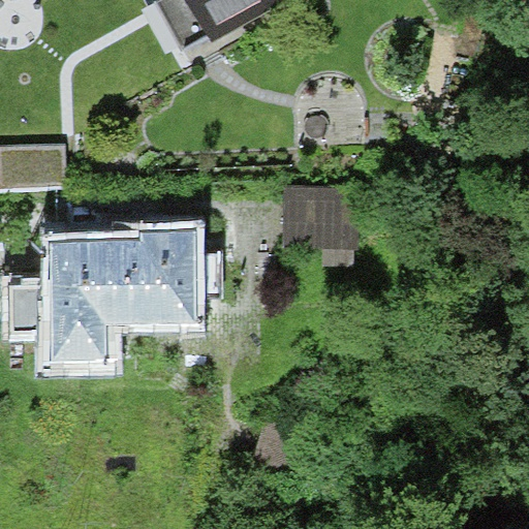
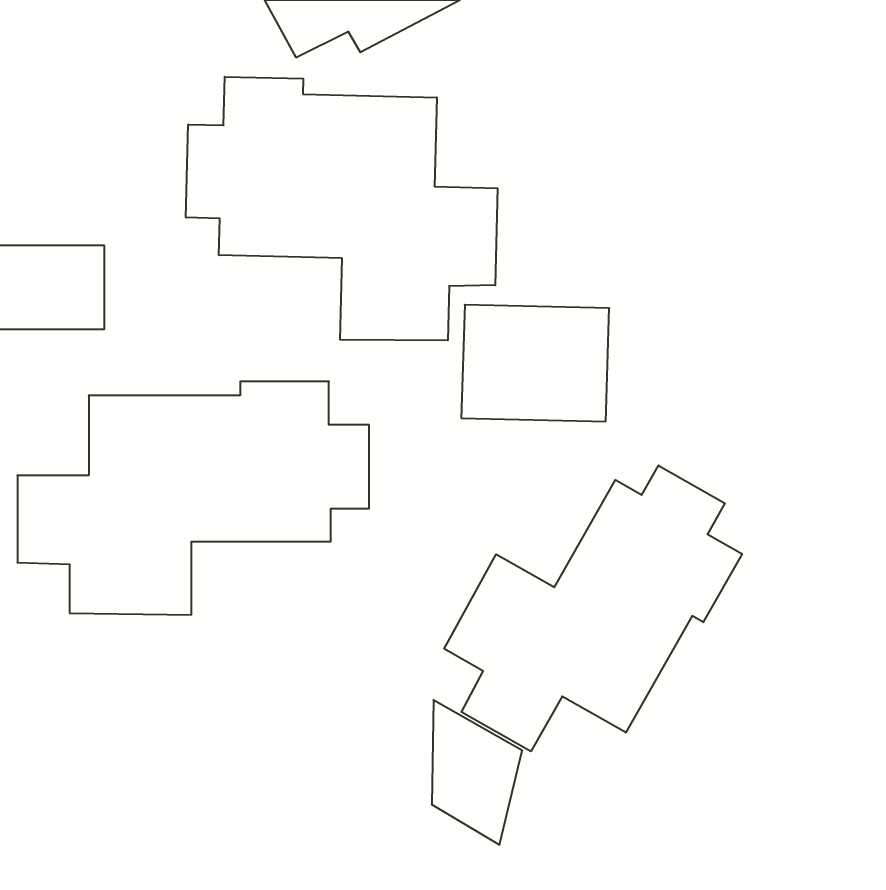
building: none -> [186,77,498,340]
building: none -> [444,465,742,751]

